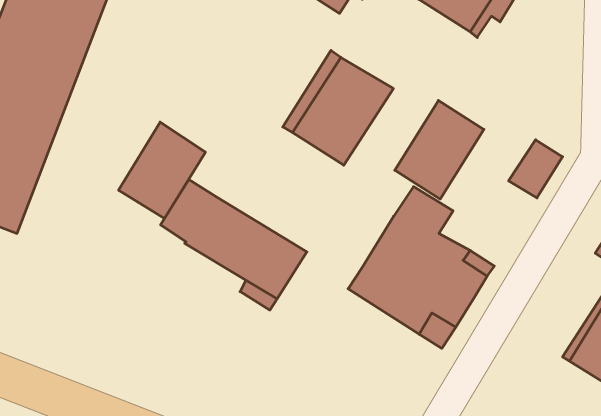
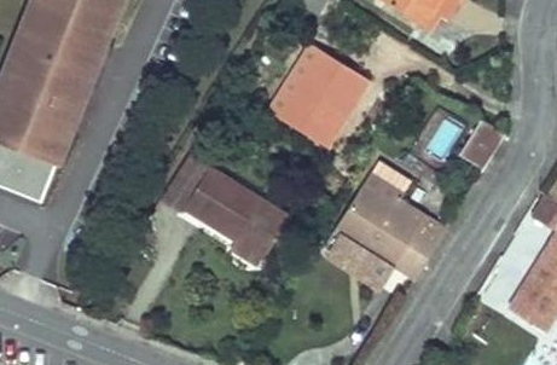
building: [395,100,484,199] -> none
building: [119,122,205,219] -> none

